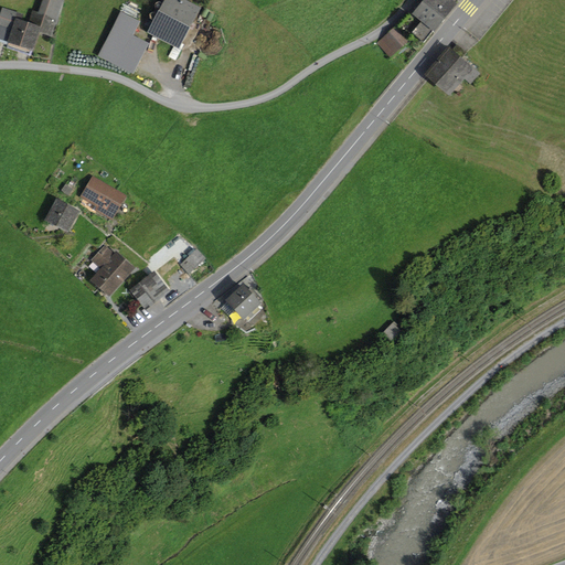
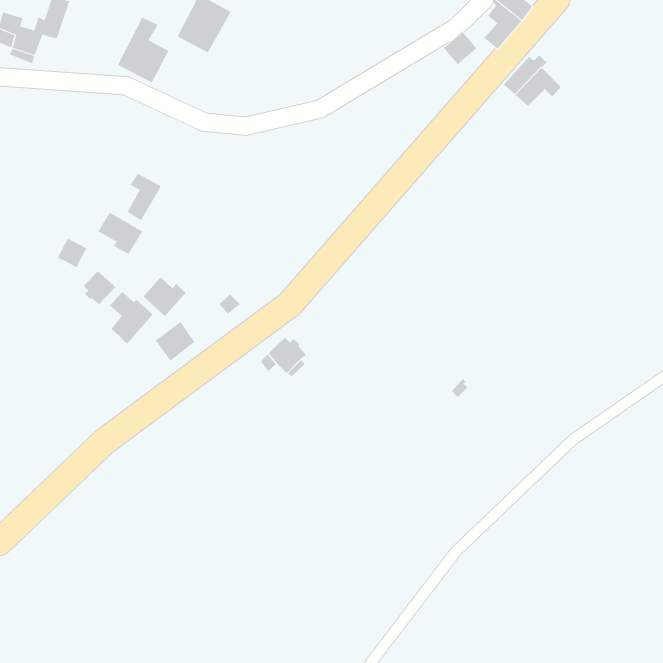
building: none -> [127,173,161,221]
building: none -> [83,270,116,305]
building: none -> [143,276,186,317]

